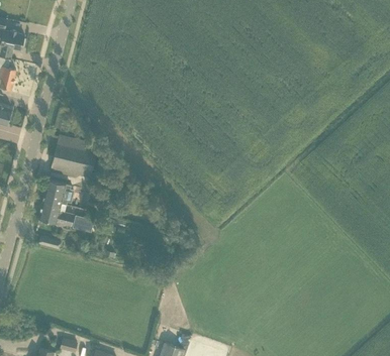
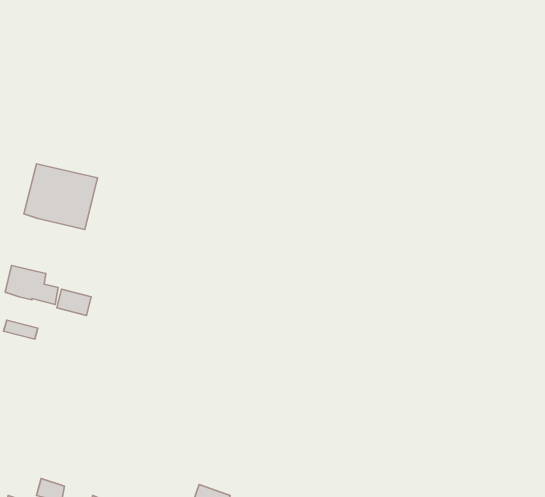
building: [42,180,70,206] -> none

